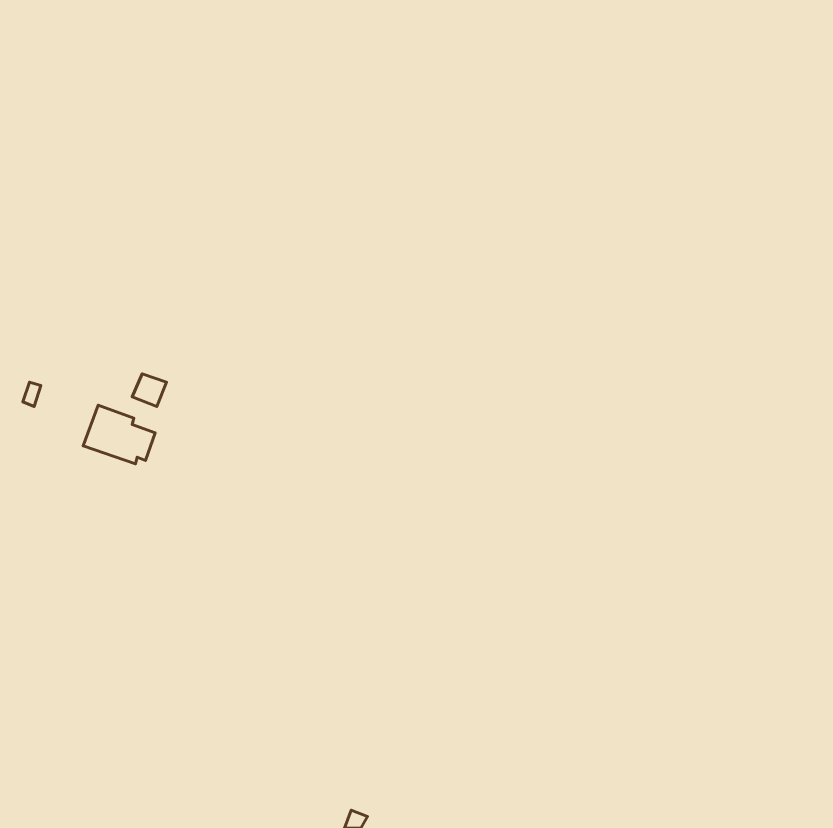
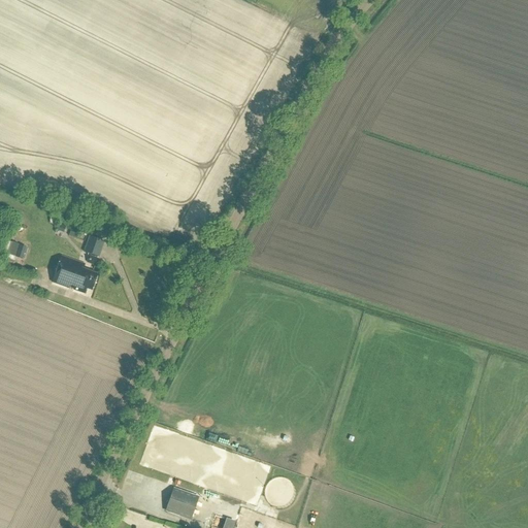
building: none -> [165,488,196,515]

